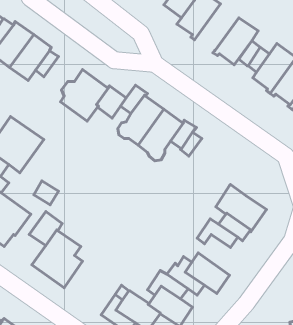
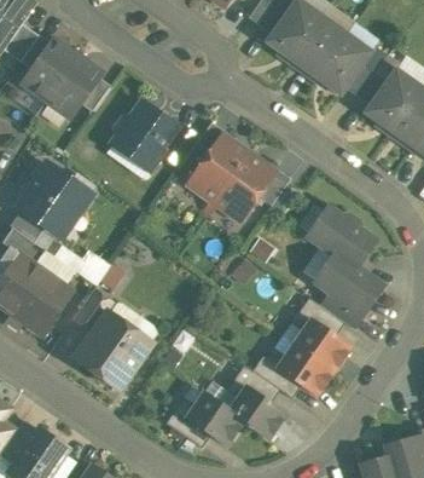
building: none -> [289,16,347,77]
building: none -> [309,207,376,267]
building: none -> [294,318,352,372]

